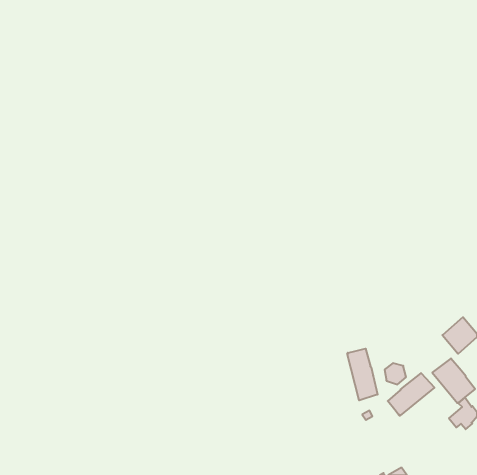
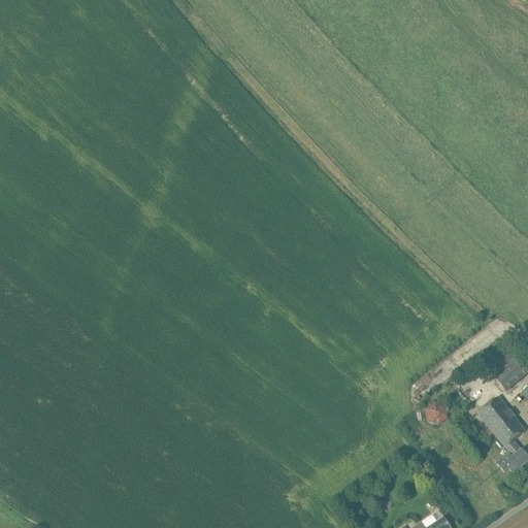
building: [347,349,378,400] -> none
building: [388,373,434,416] -> none

